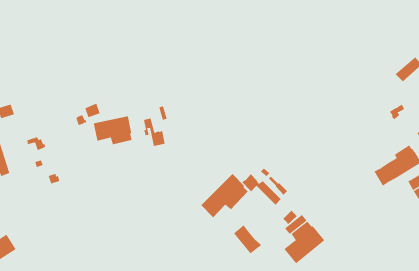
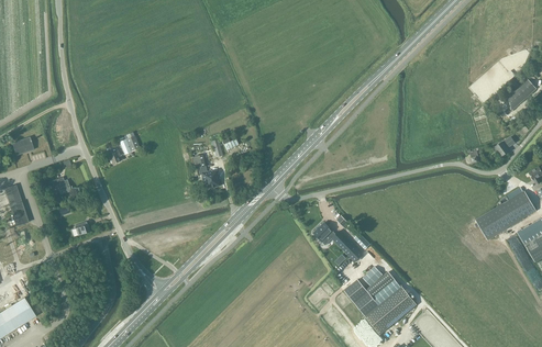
building: [93,115,132,145] -> none
building: [201,173,249,218] -> none
building: [233,225,262,254] -> [344,279,379,315]

